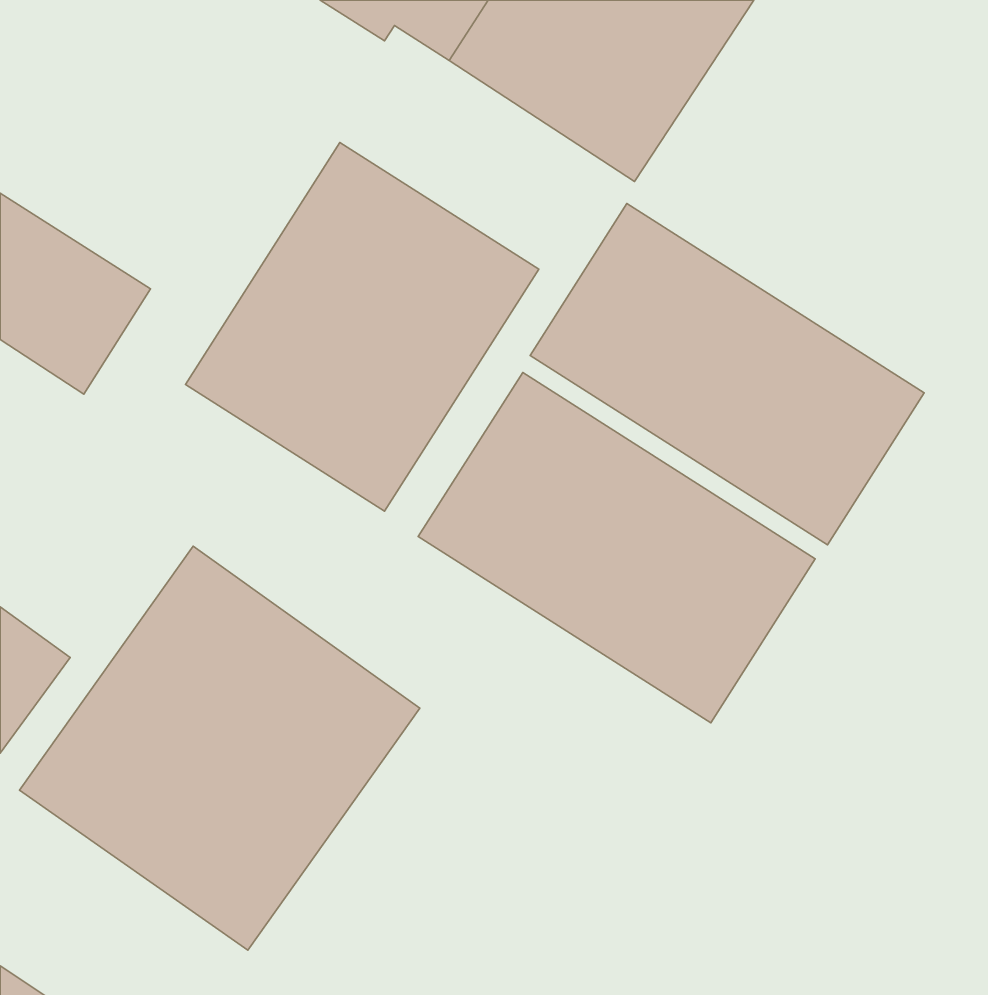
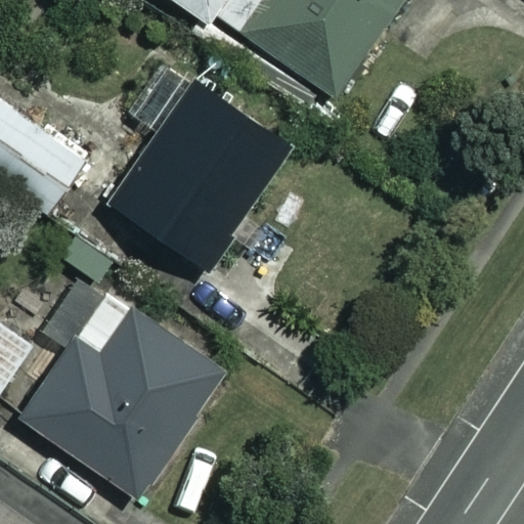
building: [530,204,924,545] -> none
building: [418,373,815,723] -> none

